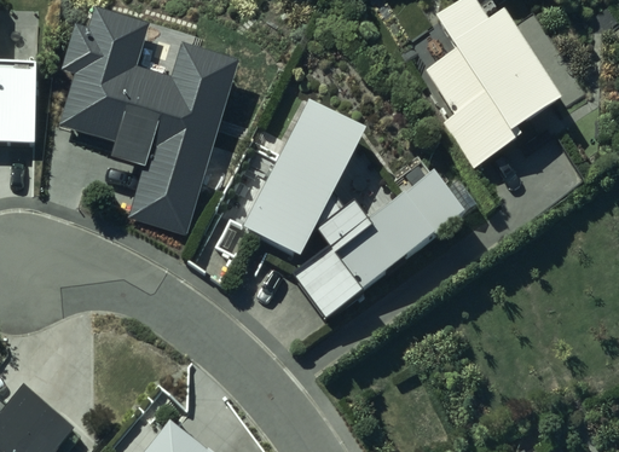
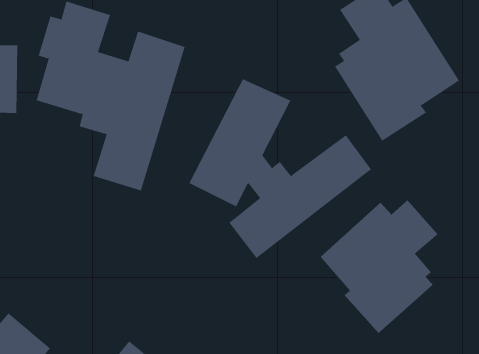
building: none -> [320,200,438,334]

